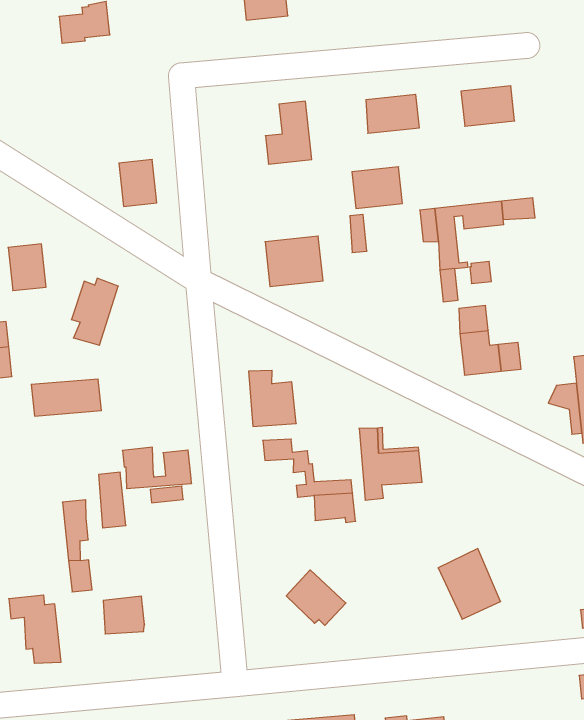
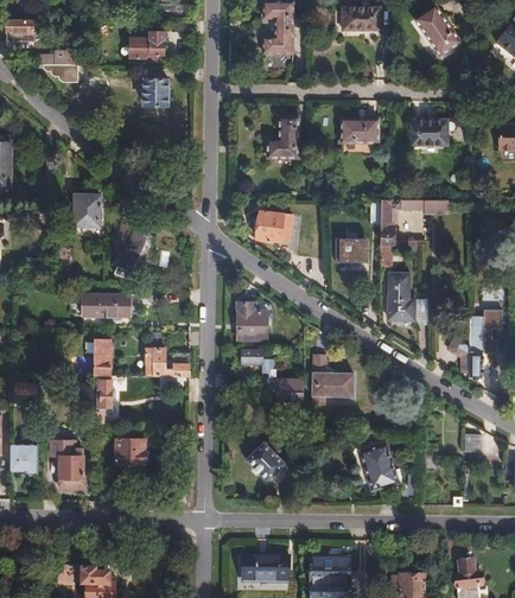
building: [119,160,157,206] -> [145,79,169,110]
building: [352,167,402,208] -> [335,235,368,261]
building: [99,472,126,528] -> [96,338,113,376]

